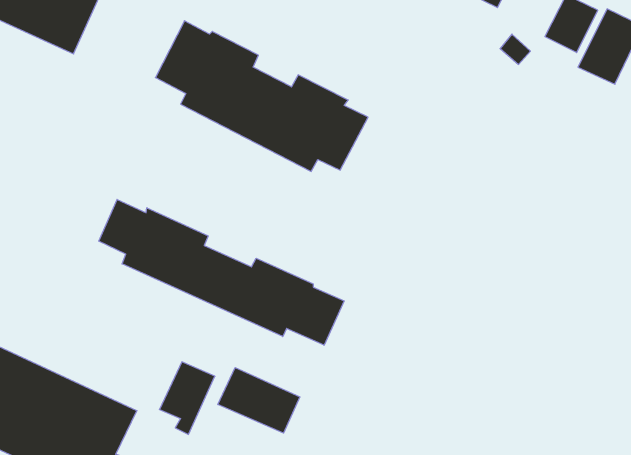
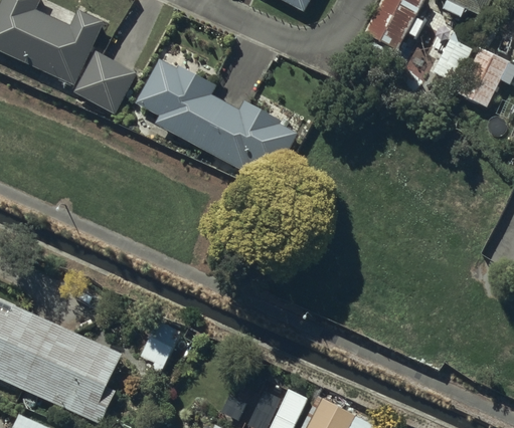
building: none -> [73,49,134,110]
building: [99,199,344,345] -> none
building: [218,368,300,433] -> none

